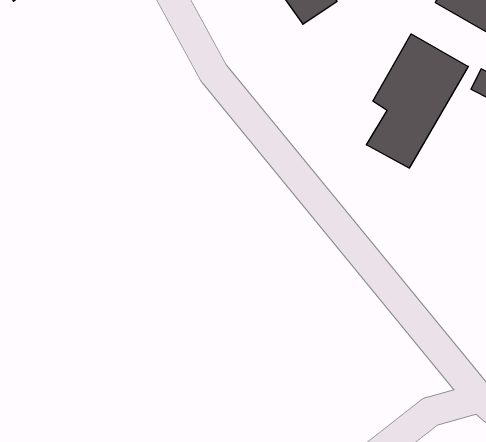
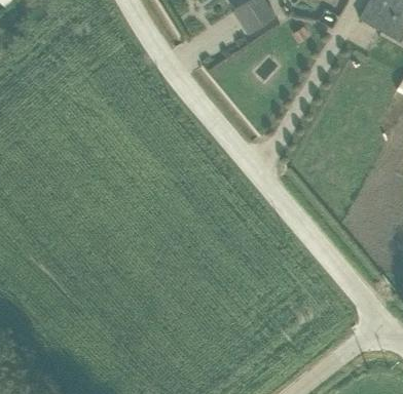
building: [366,34,468,168] -> none

